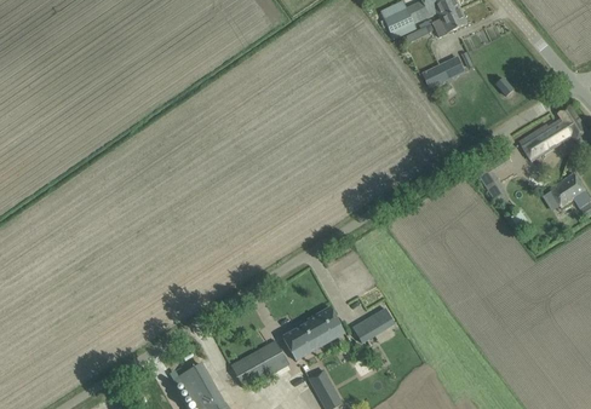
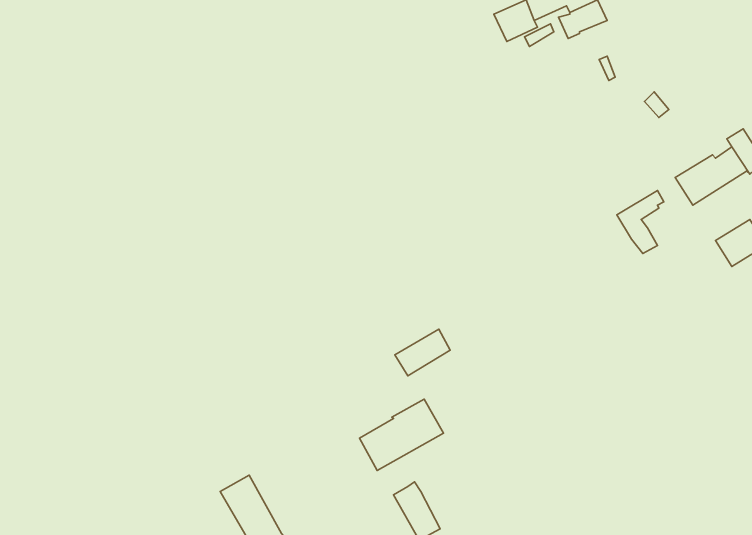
building: [420,56,463,87] -> none
building: [351,307,392,342] -> [395,329,450,376]
building: [230,339,287,388] -> none

